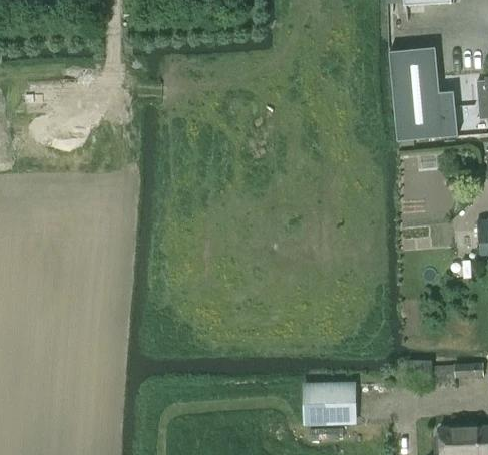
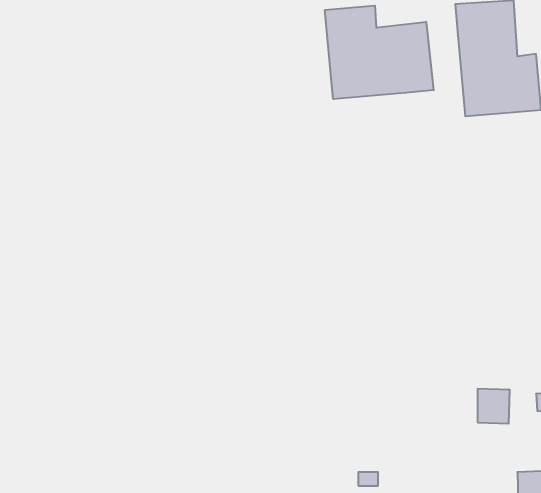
building: none -> [325,6,434,99]
building: [305,383,354,416] -> none

